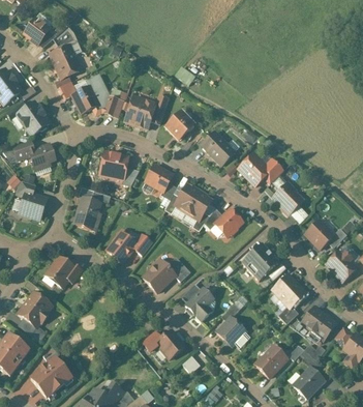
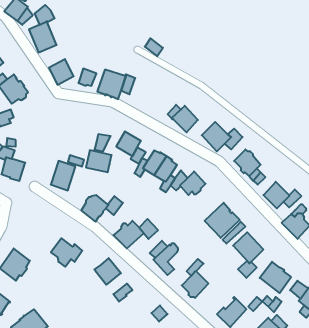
building: [165,111,193,139] -> none
building: [28,144,55,170] -> none
building: [99,152,127,176] -> [86,150,112,172]
building: [47,257,81,288] -> [51,238,82,267]
building: [155,330,184,359] -> [94,258,121,285]

